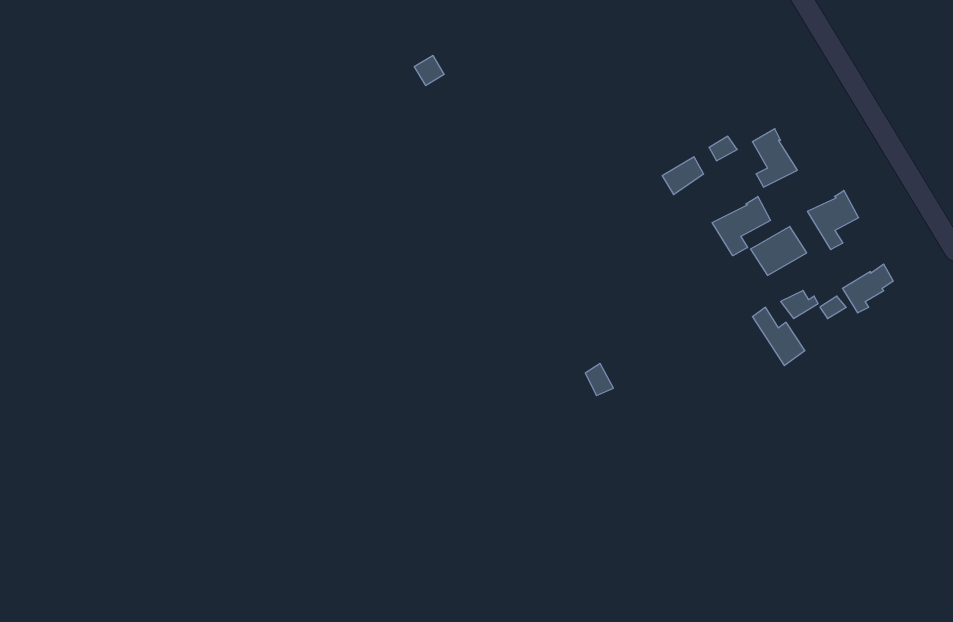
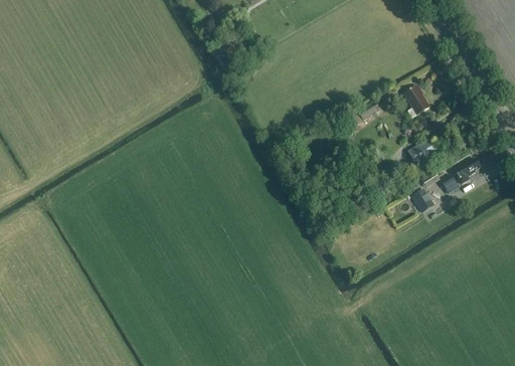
building: [808,190,859,250] -> none
building: [712,196,770,256] -> none

